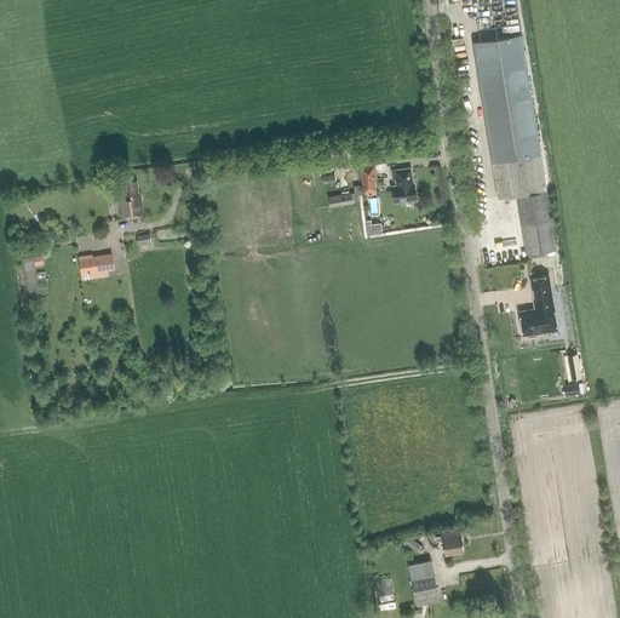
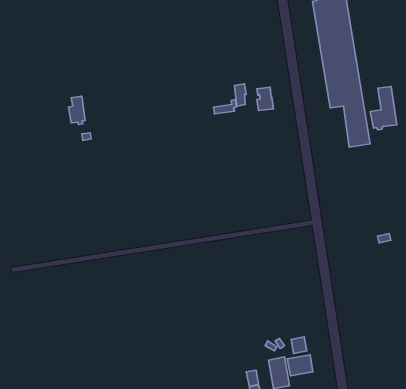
building: [78,253,114,280] -> none
building: [518,275,557,338] -> [370,87,397,130]
building: none -> [287,355,313,376]

